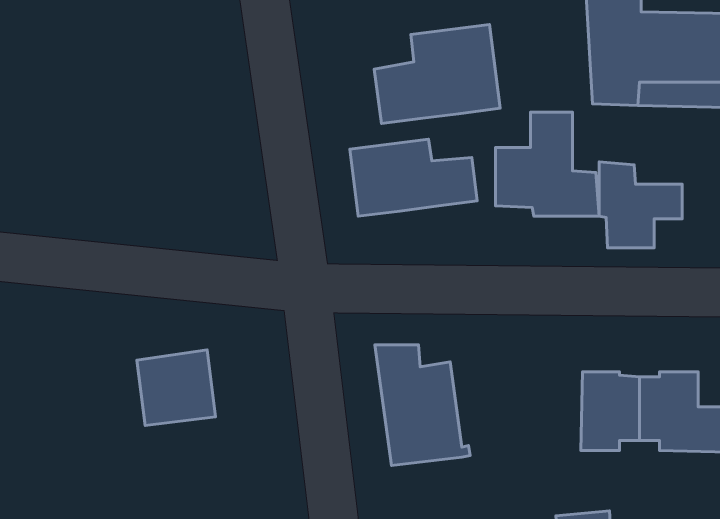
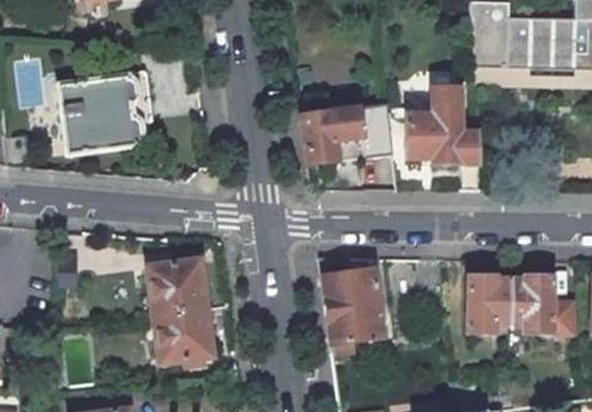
building: [374,24,500,123] -> none
building: none -> [59,69,153,152]
building: [599,162,682,248] -> none
building: none -> [154,307,211,360]

